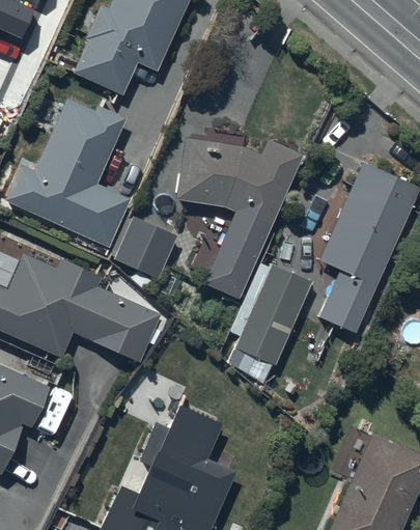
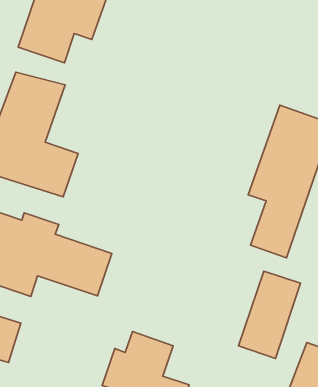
building: [176,138,304,299] -> none
building: [113,218,176,281] -> none
building: [236,263,312,363] -> [239,271,301,358]

